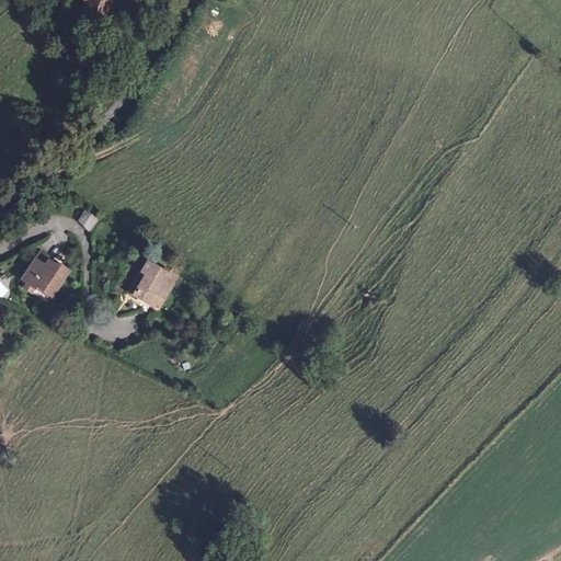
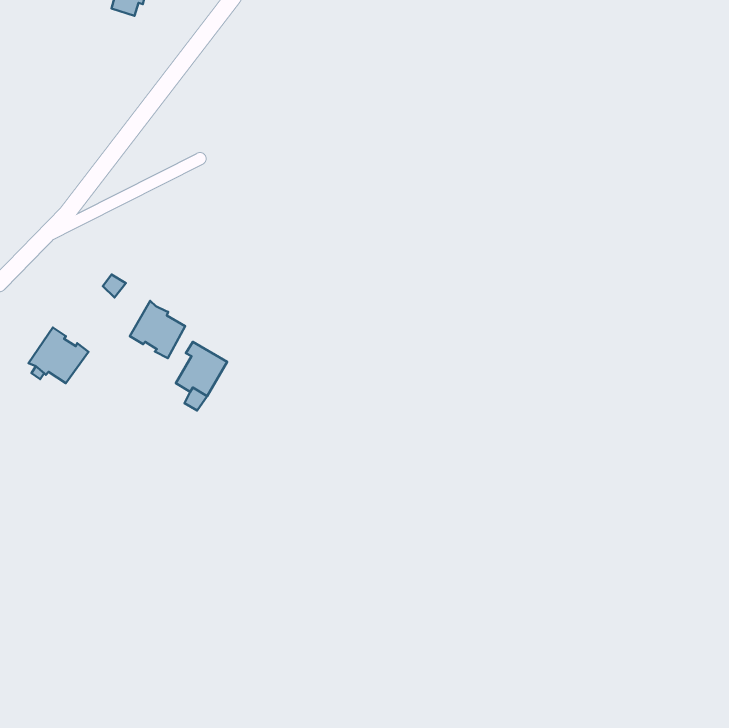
building: none -> [130,301,185,358]

